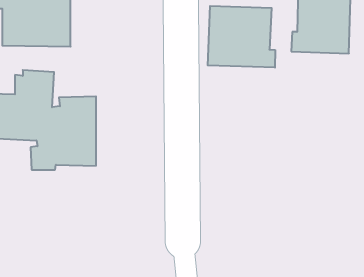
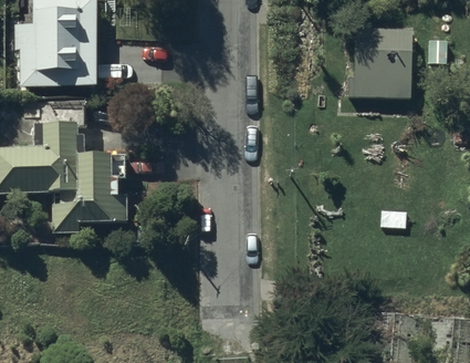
building: [208,6,275,68] -> none

